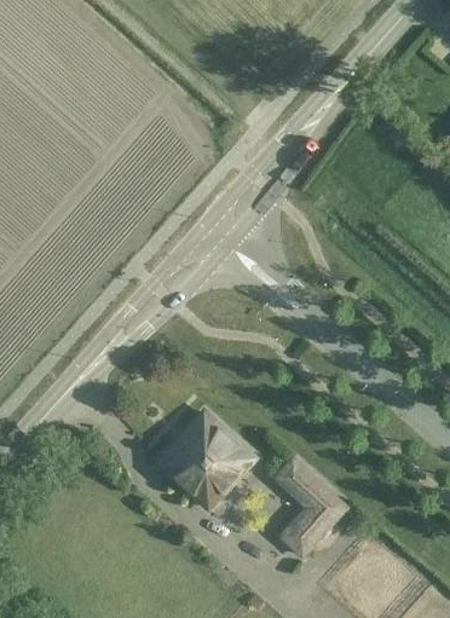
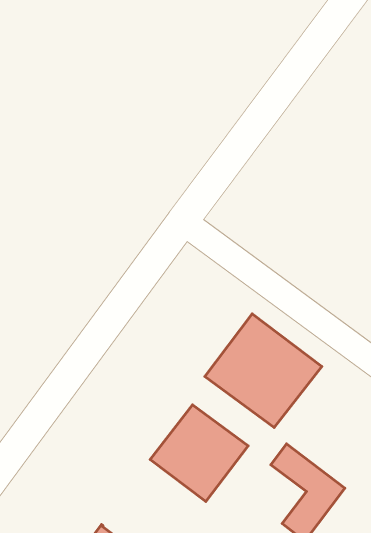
building: none -> [205,314,322,428]

